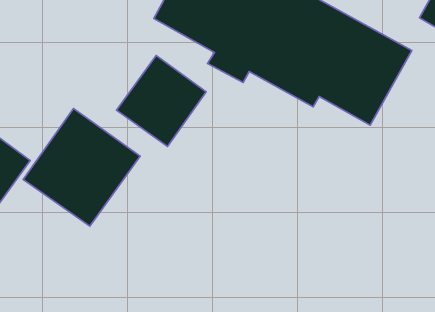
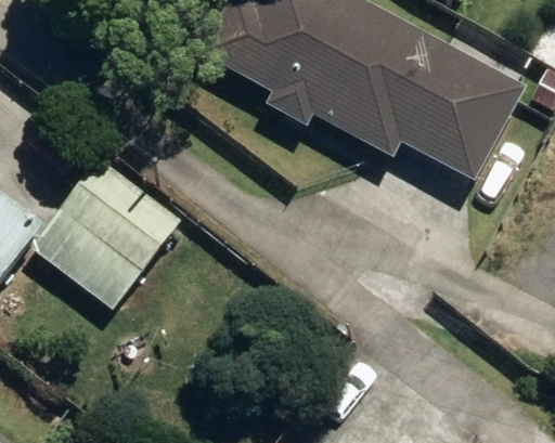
building: [117,55,206,147] -> none

